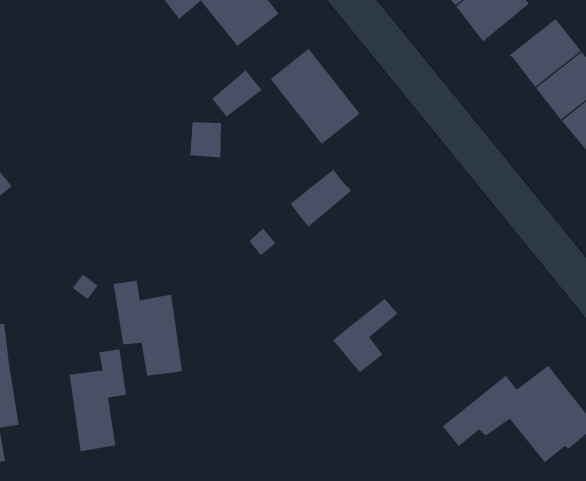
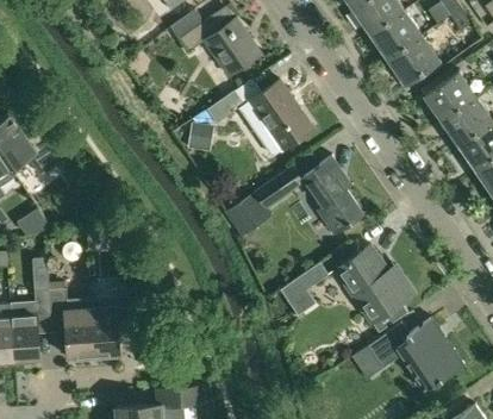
building: none -> [302,156,364,233]
building: none -> [335,245,416,324]
building: [113,280,183,376] -> [48,288,93,357]

